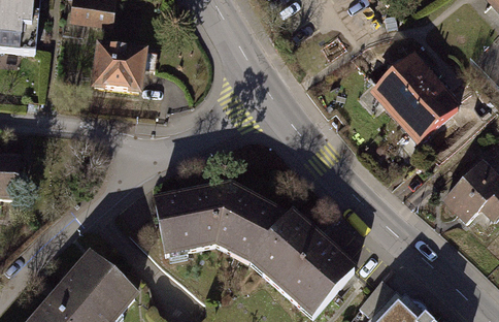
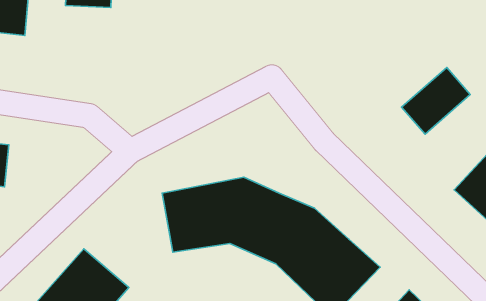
building: [89,41,139,88] -> none
building: [368,55,435,119] -> none

